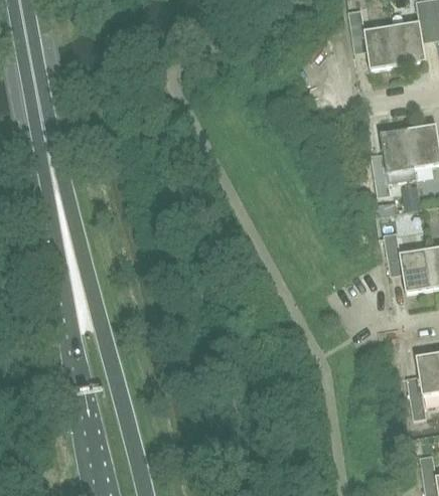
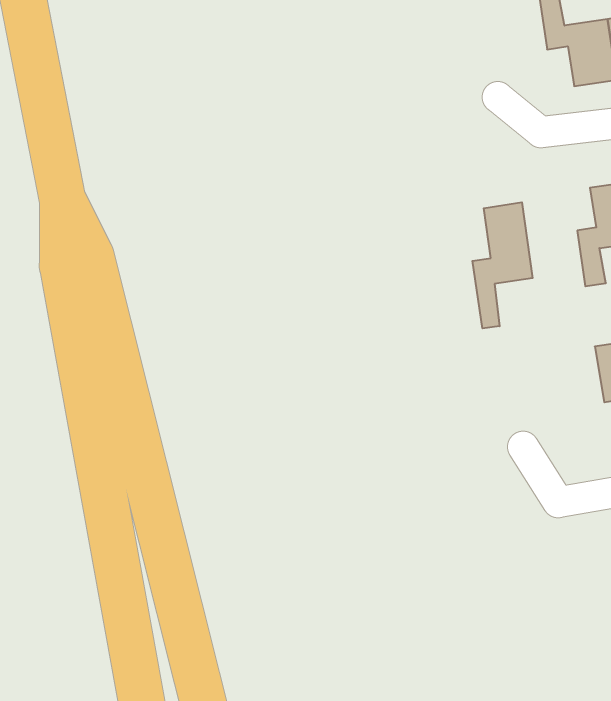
building: none -> [472,202,533,328]

